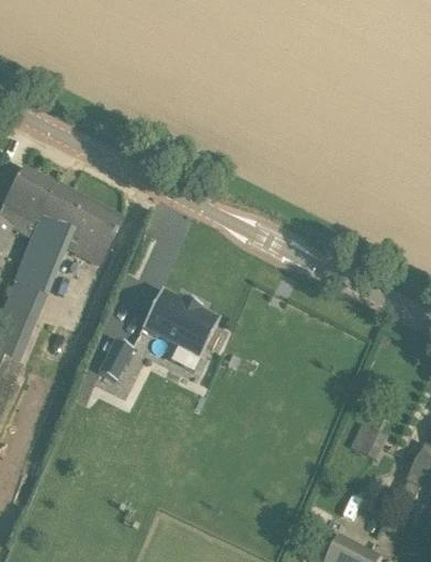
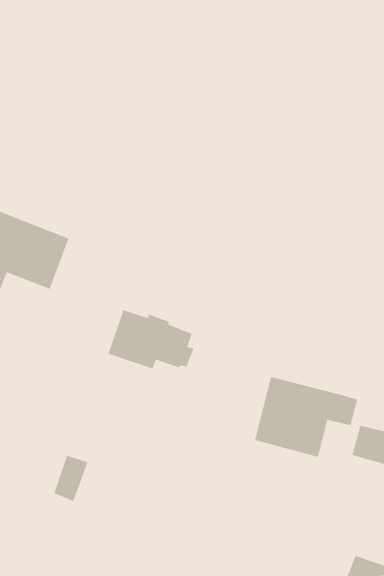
building: [99,338,134,381] -> [53,455,89,502]
building: none -> [254,376,358,458]

